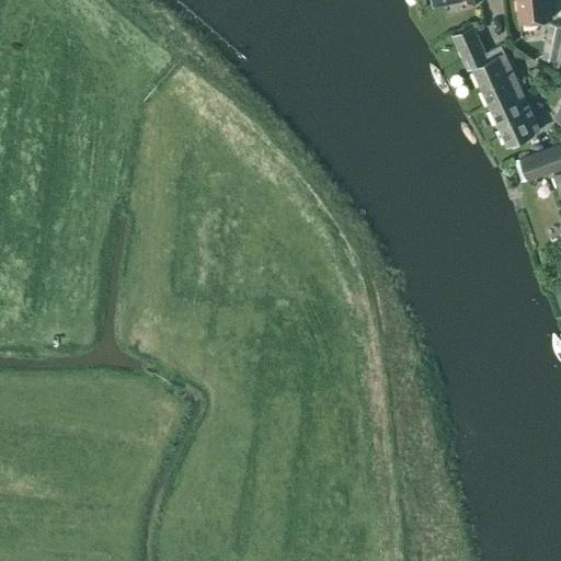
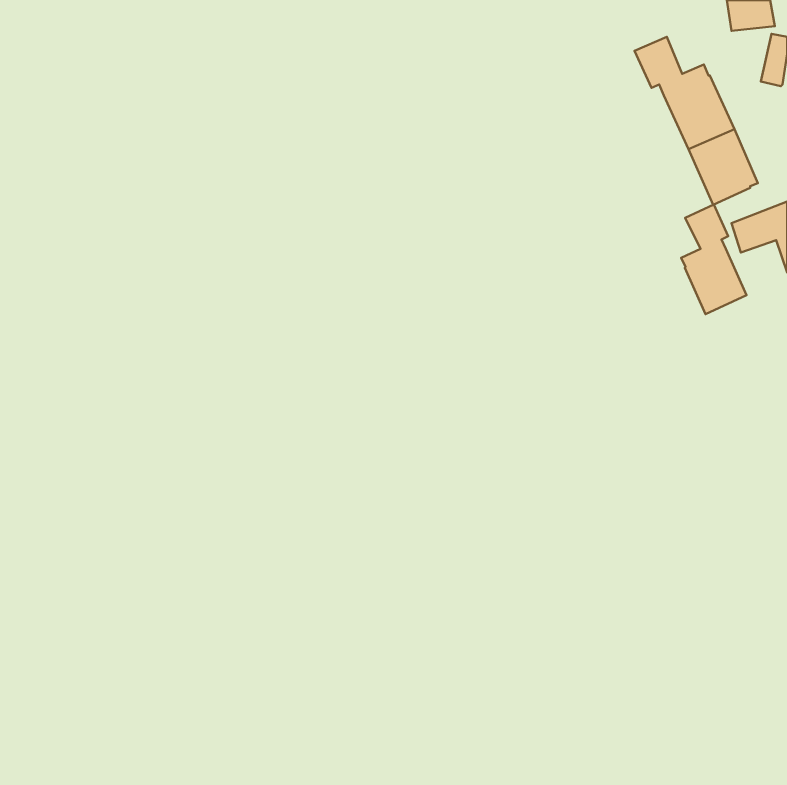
building: none -> [681,204,746,314]

